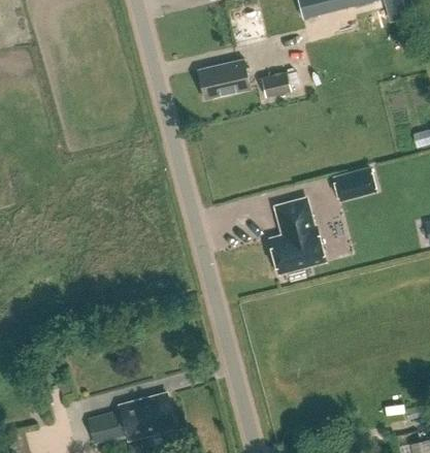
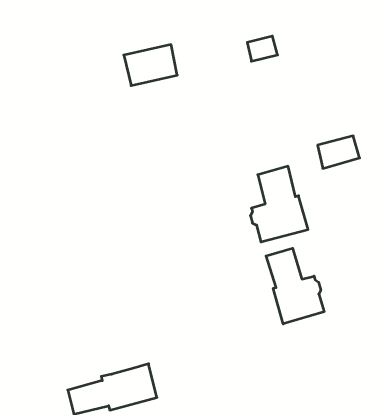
building: [197,60,250,100] -> [124,45,177,86]
building: none -> [266,248,324,324]

